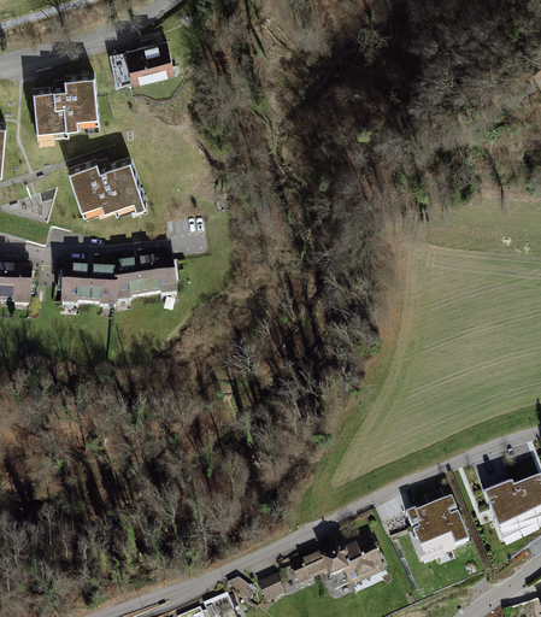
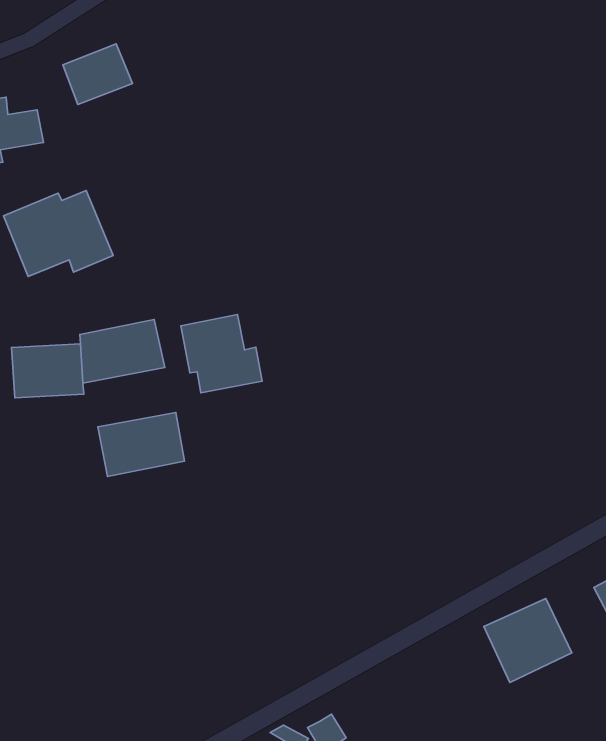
building: none -> [181,315,262,393]
building: none -> [98,413,185,477]
building: [283,536,381,590] -> none

